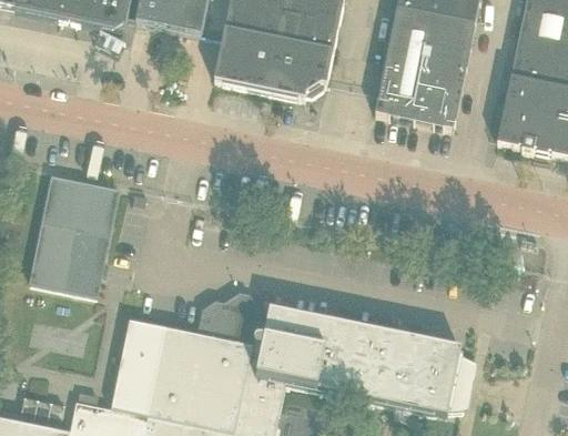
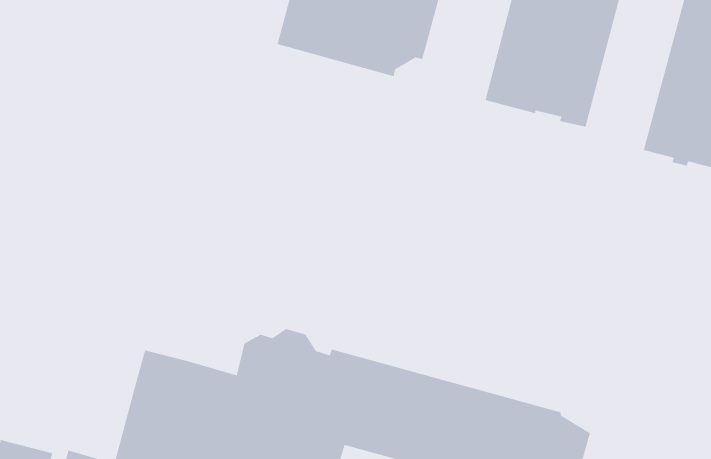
building: [29,176,118,297] -> none

